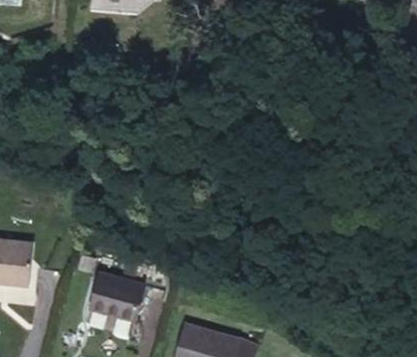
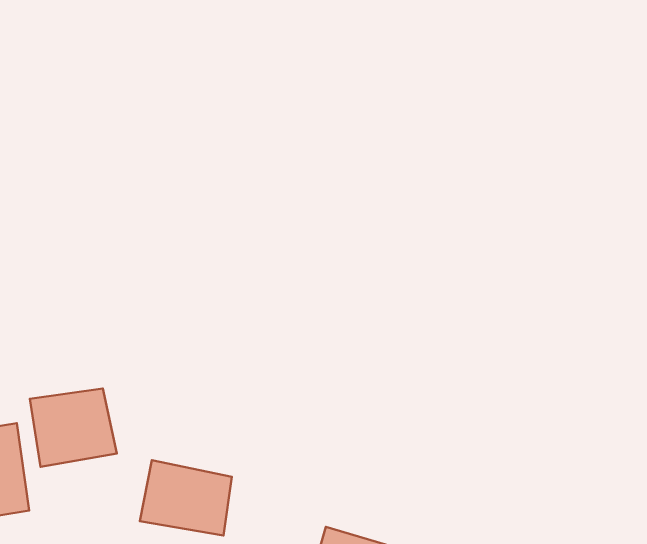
building: none -> [30,389,117,467]

